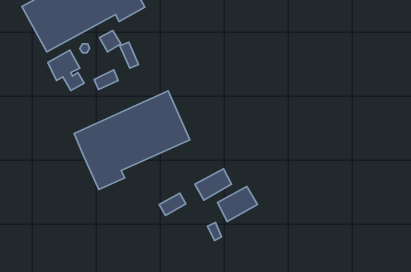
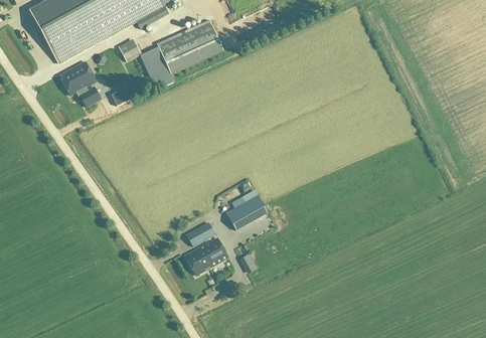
building: none -> [157,18,223,72]
building: [74,91,190,189] -> none
building: [217,187,258,221] -> [184,235,229,275]

